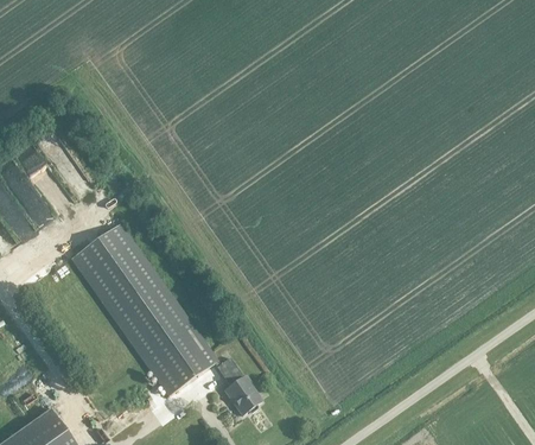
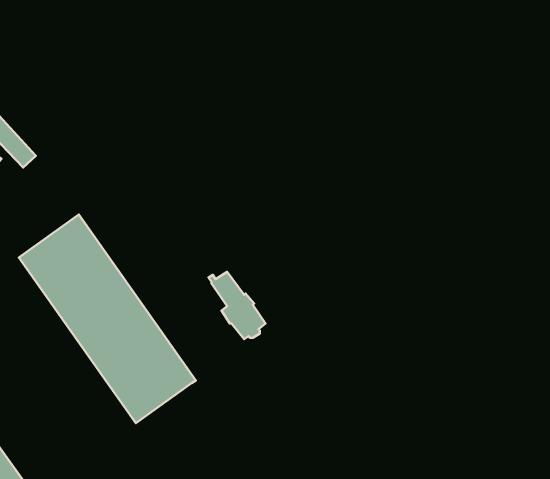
building: [214,358,261,414] -> [209,272,266,339]

